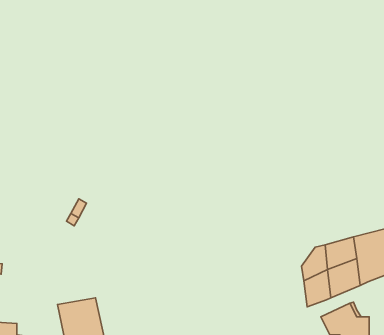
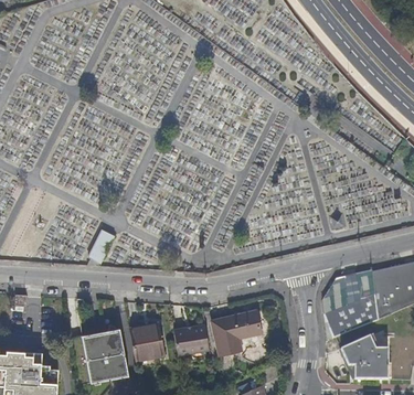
building: none -> [213,311,262,355]
building: none -> [173,321,210,353]
building: none -> [131,323,167,360]

